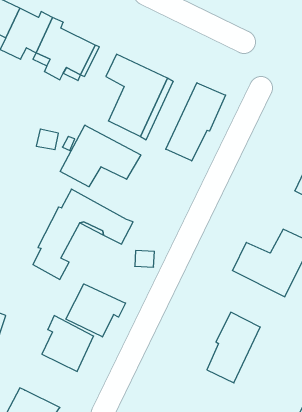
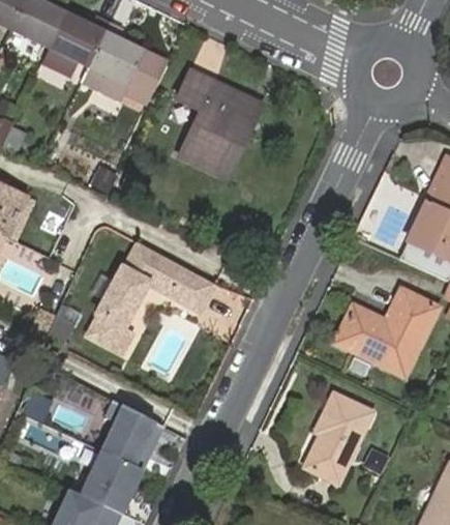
building: [166,83,226,161] -> none
building: [60,125,141,187] -> none
building: [66,284,126,337] -> none
building: none -> [74,448,141,516]

